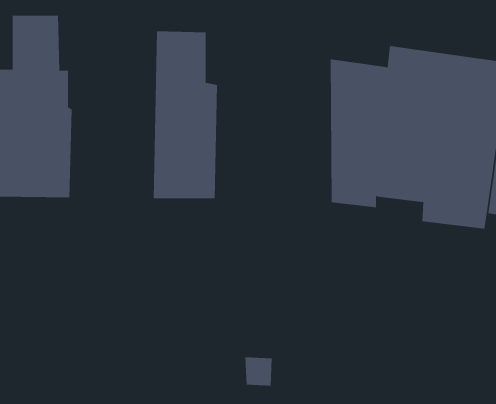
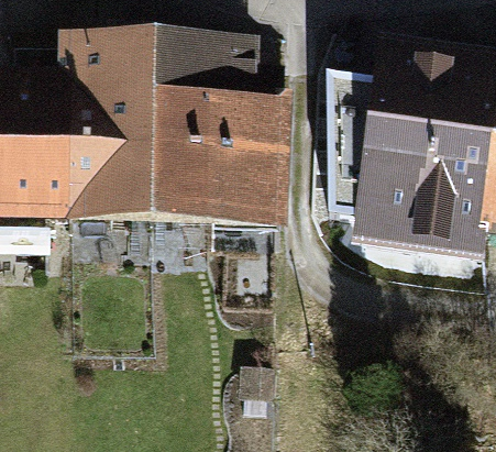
building: none -> [71,49,157,217]
building: none -> [207,53,283,219]

